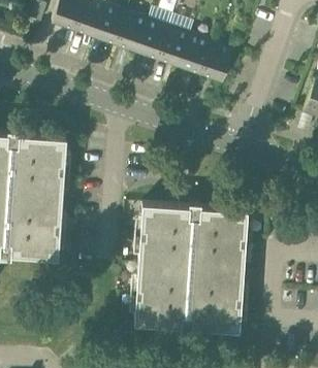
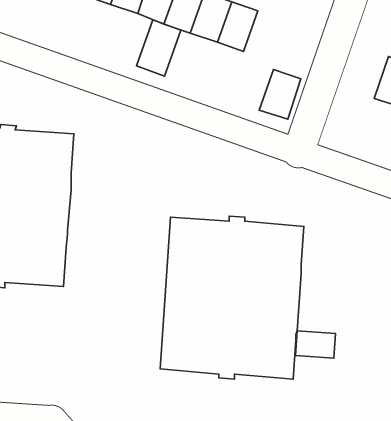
building: [200,41,233,80] -> [259,70,301,119]
building: none -> [136,20,181,76]
building: none -> [295,331,336,358]

